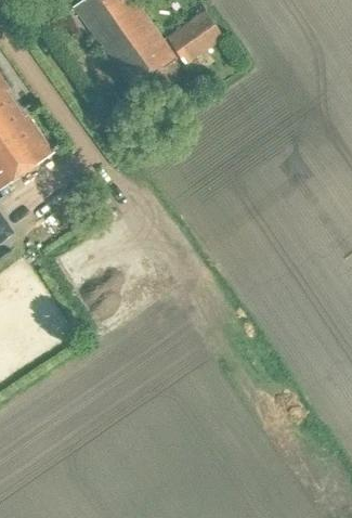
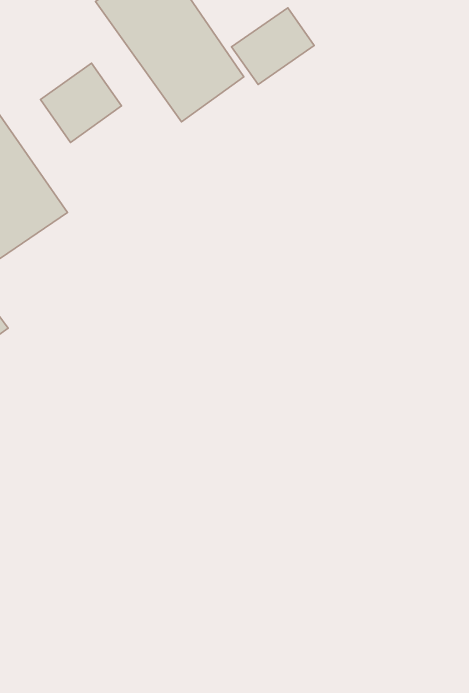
building: none -> [41,63,122,142]

